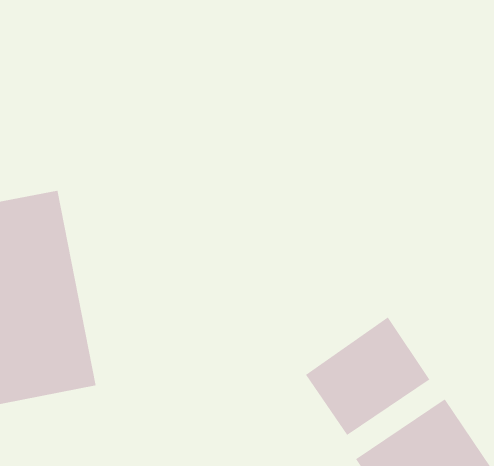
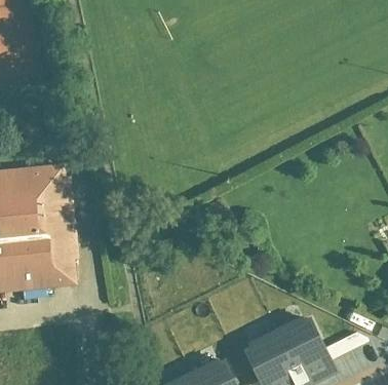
building: [305,317,430,436] -> none

